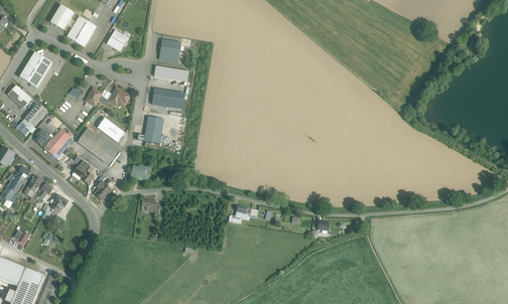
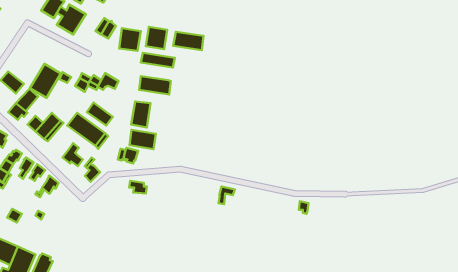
building: none -> [119,28,141,51]
building: none -> [173,32,203,50]
building: [19,51,51,87] -> [30,64,61,98]
building: none -> [129,130,156,149]

